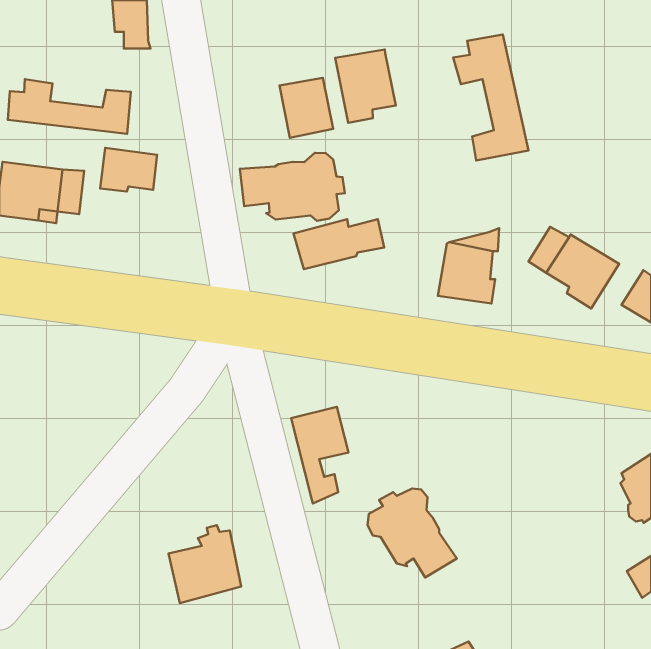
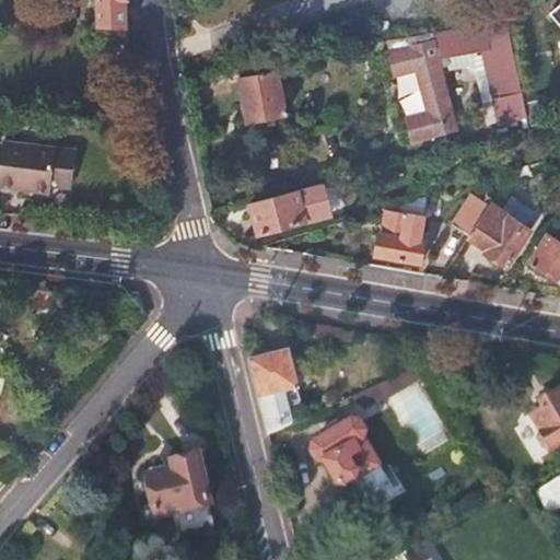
building: none -> [436,19,524,119]
building: [335,50,396,123] -> none
building: [8,79,131,134] -> none
building: [100,148,157,192] -> none
building: [240,153,345,221] -> none

